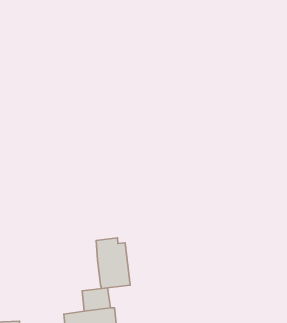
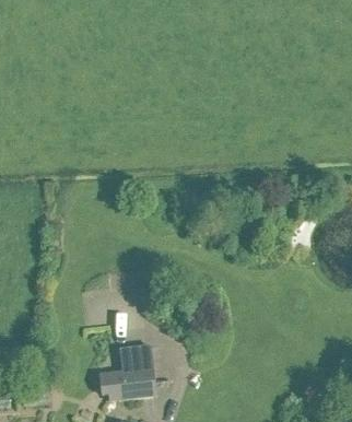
building: [96,238,130,288] -> none

